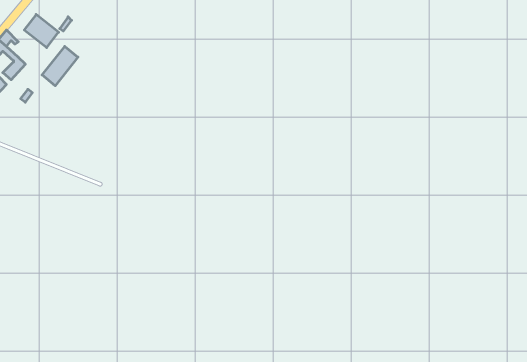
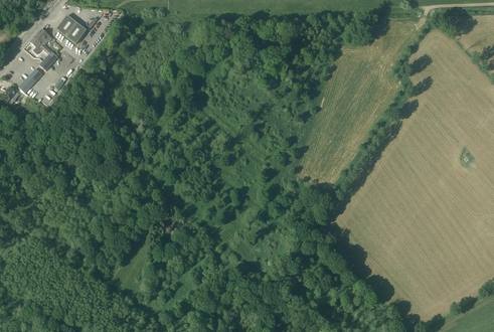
building: [42,46,78,86] -> none

